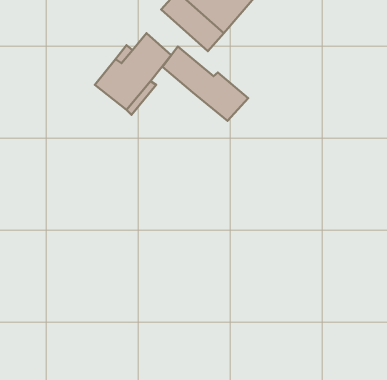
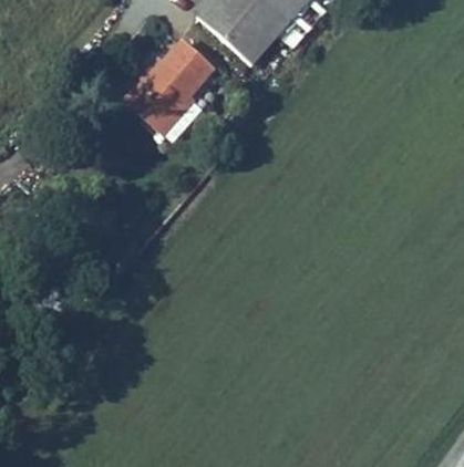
building: [163,46,248,121] -> none

